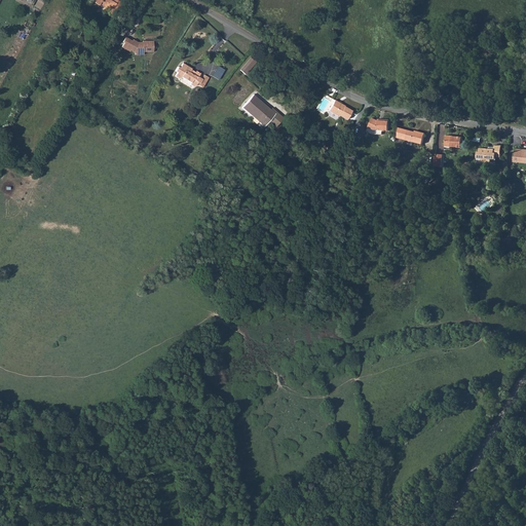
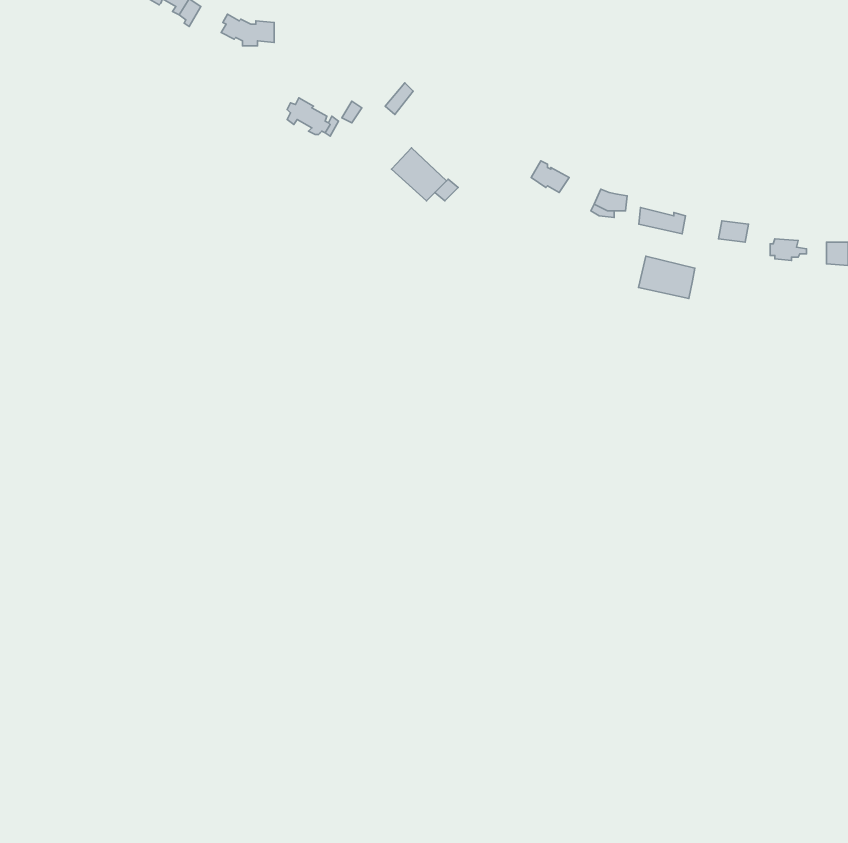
building: [119,35,152,54] -> [221,14,274,46]
building: none -> [638,256,695,298]

